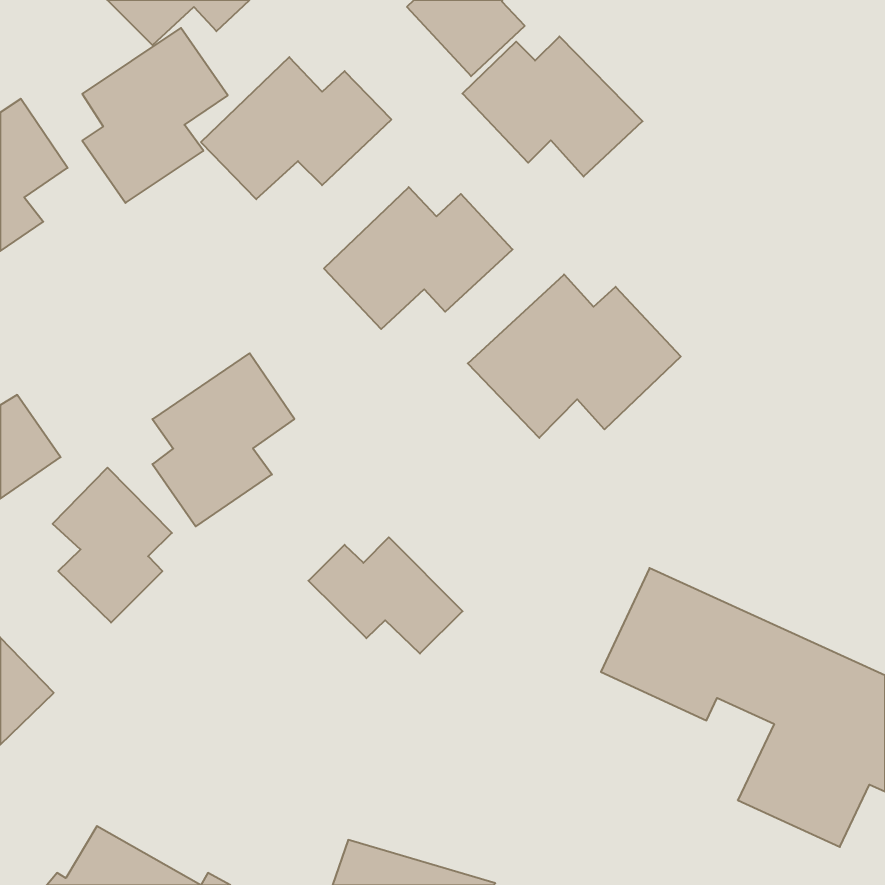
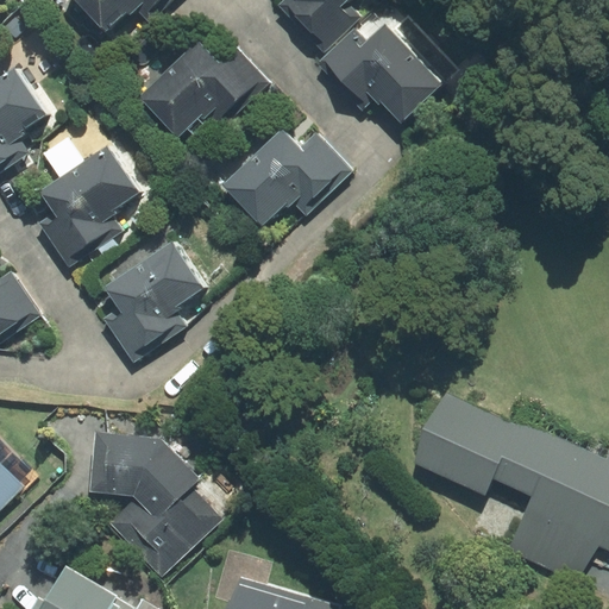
building: [82,28,228,203] -> [39,145,139,265]
building: [468,274,681,438] -> none
building: [53,468,172,623] -> none
building: [308,537,463,654] -> none
building: none -> [89,433,225,578]

